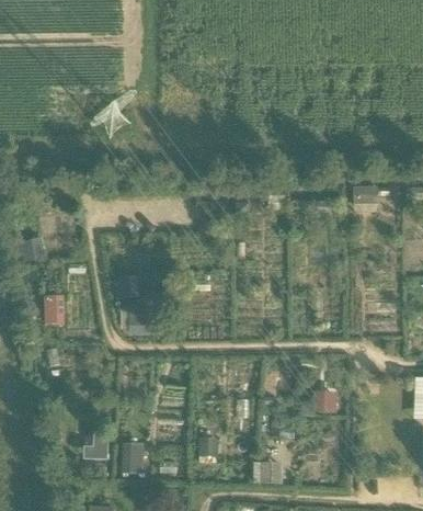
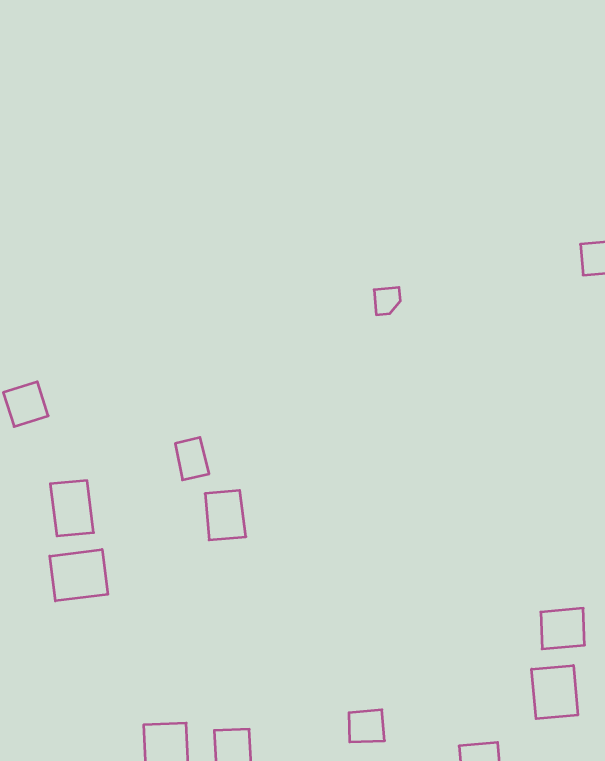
building: none -> [50,549,108,601]
building: none -> [532,665,578,719]

